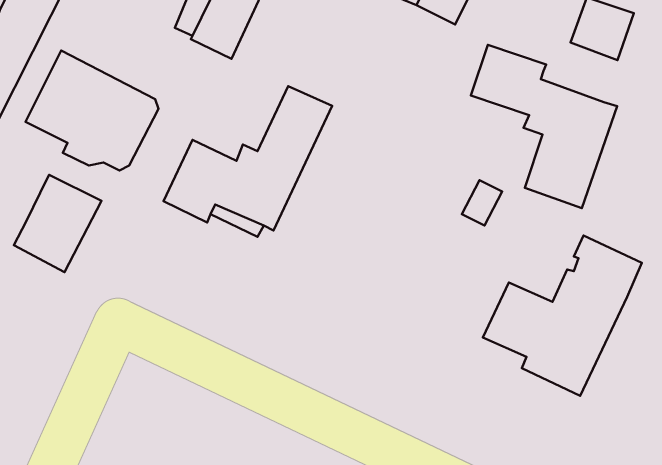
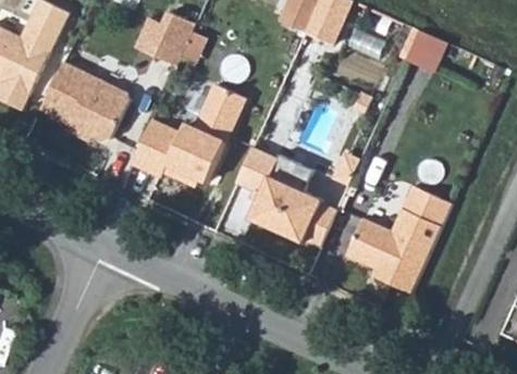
building: [471,45,617,208] -> none
building: [14,175,101,272] -> none
building: none -> [237,147,337,248]

